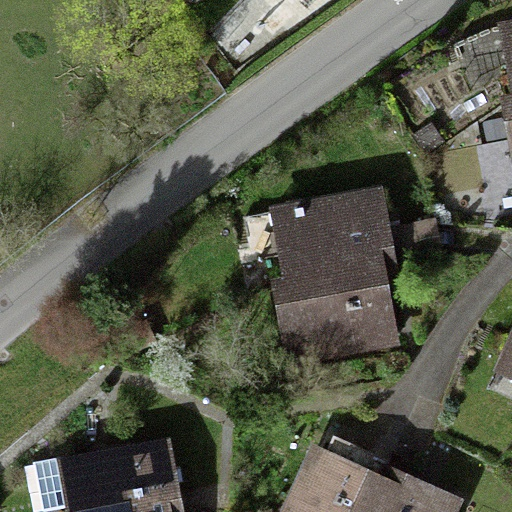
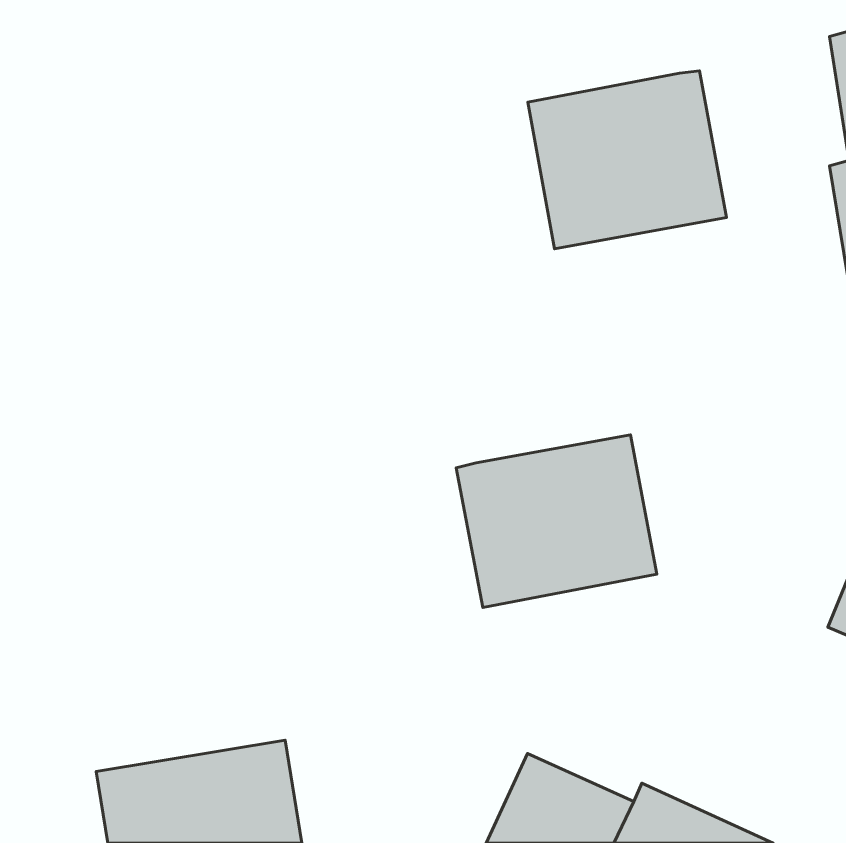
building: none -> [528,71,726,249]
building: [275,190,392,279] -> none

